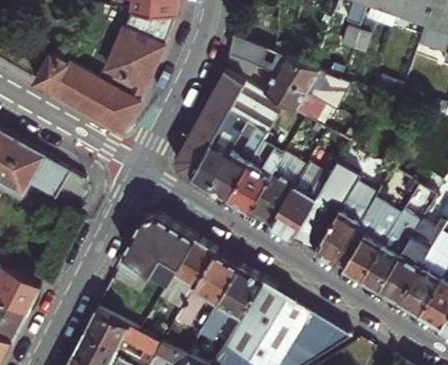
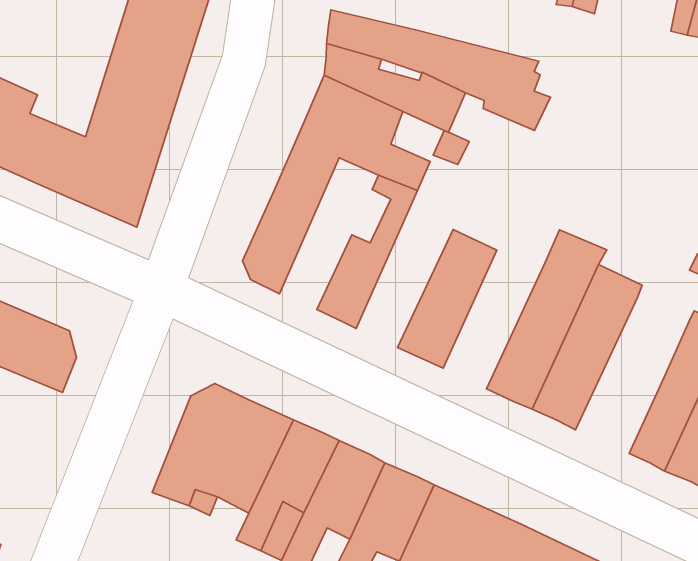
building: [193,111,250,187] -> none
building: [230,139,286,211] -> none
building: [272,163,330,237] -> none
building: [336,199,400,278] -> none

